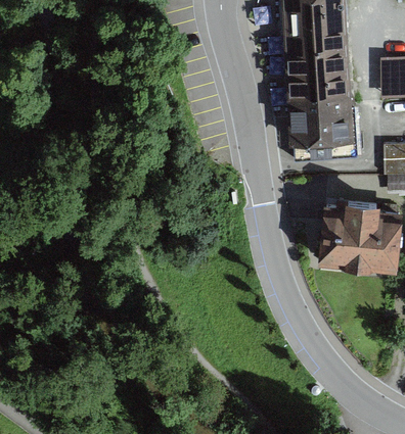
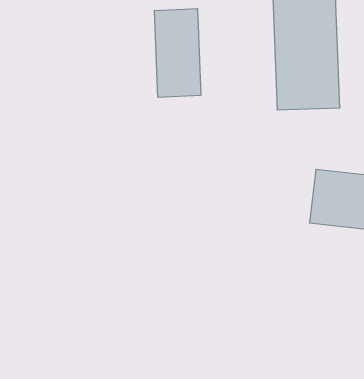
building: none -> [155,8,201,97]

